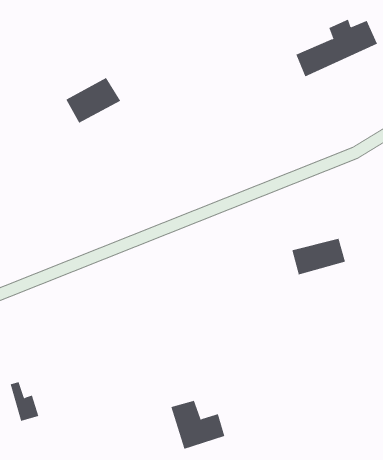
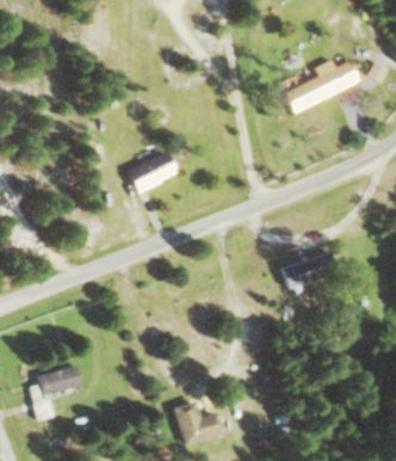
building: [65,77,121,124] -> [128,152,178,193]
building: none -> [38,365,81,397]

